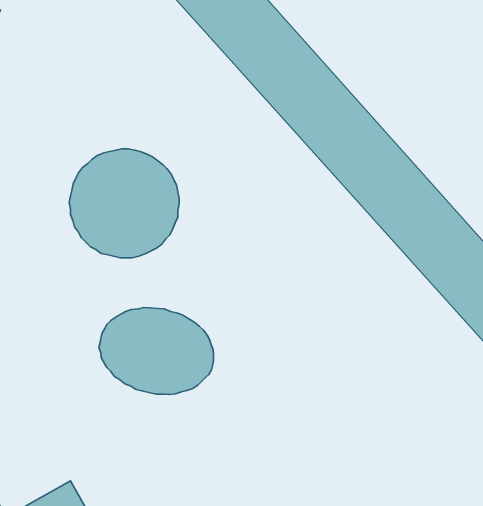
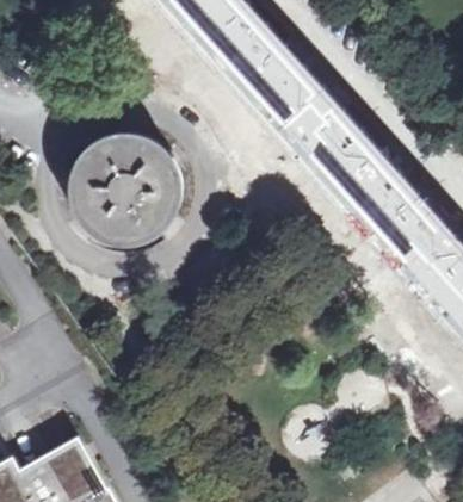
building: [99,308,214,395] -> none

